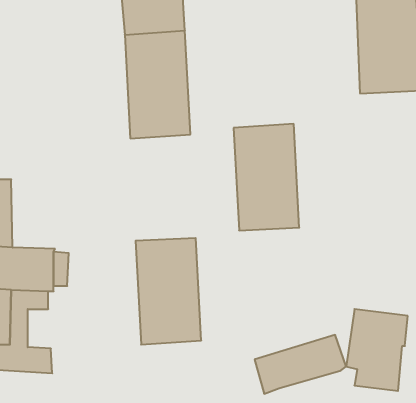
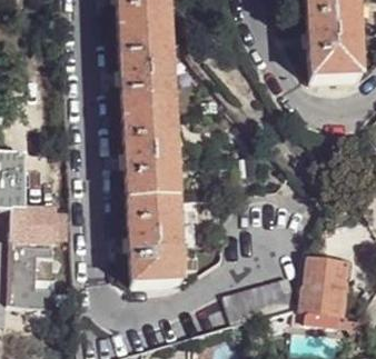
building: [234,124,299,230] -> [122,116,176,202]

